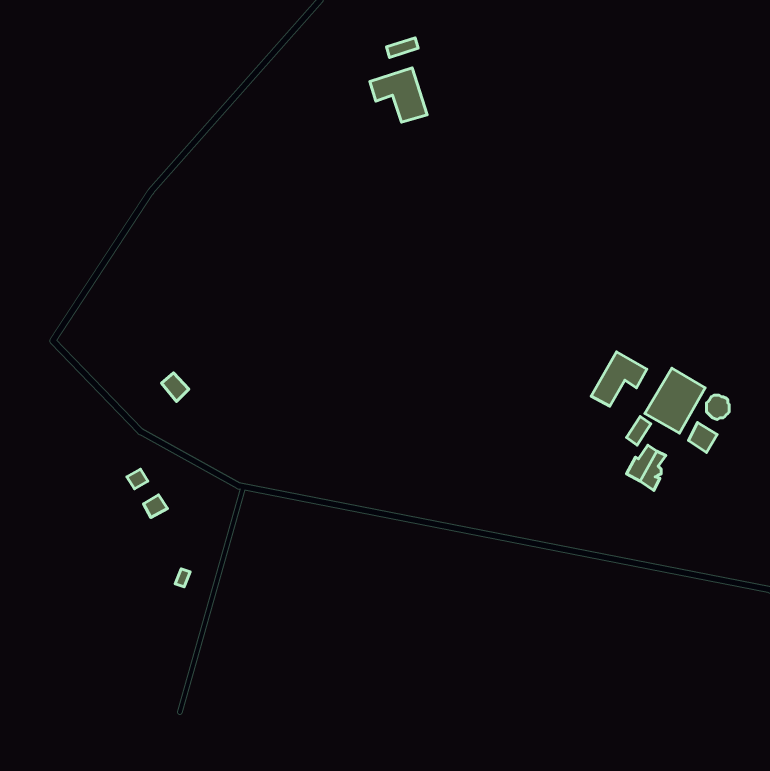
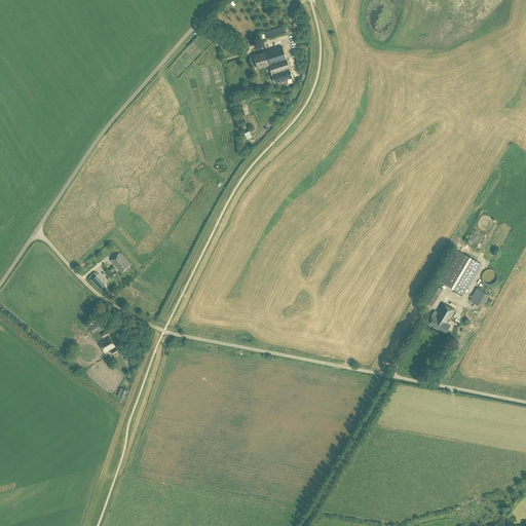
building: [591,352,647,406] -> none

